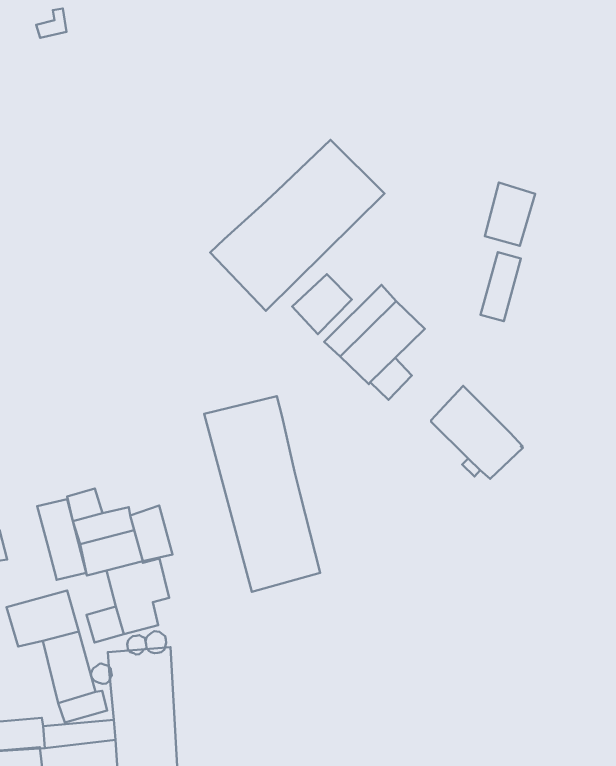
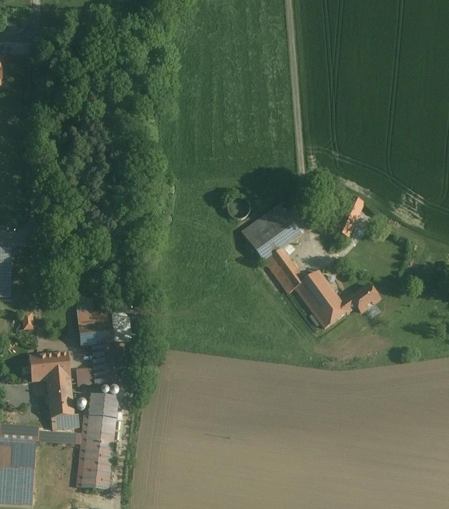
building: [210,140,384,311] -> none
building: [485,183,535,246] -> none
building: [292,274,352,334] -> none
building: none -> [271,259,303,293]
building: none -> [339,284,377,311]
building: [204,396,320,592] -> none
building: [37,499,86,580] -> none

